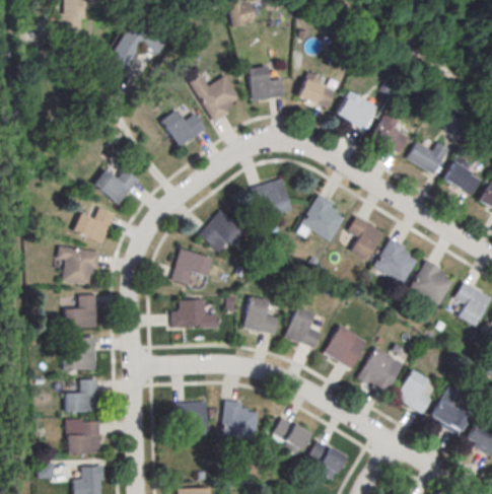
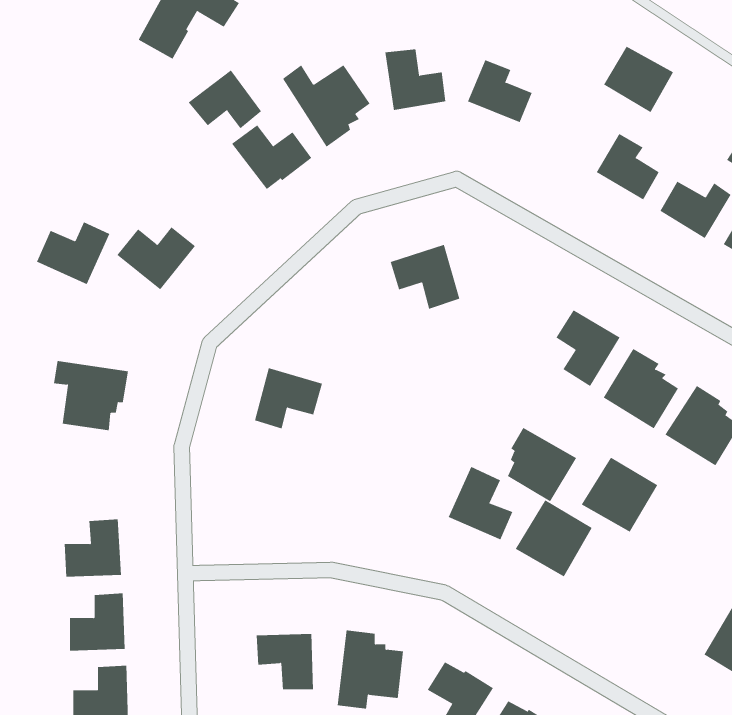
building: none -> [188,70,262,129]
building: [335,91,375,130] -> [603,46,674,113]
building: [300,195,344,240] -> none
building: [72,207,115,243] -> [36,221,110,285]
building: [200,210,244,252] -> none
building: none -> [507,427,577,502]
building: [64,294,97,328] -> none
building: [243,295,279,333] -> none
building: [172,299,219,327] -> none
building: [358,348,403,392] -> [581,457,658,533]
building: [395,369,432,413] -> none

